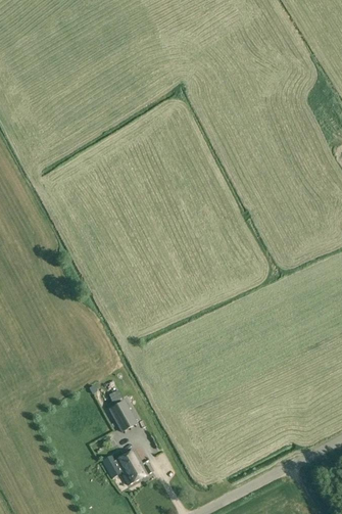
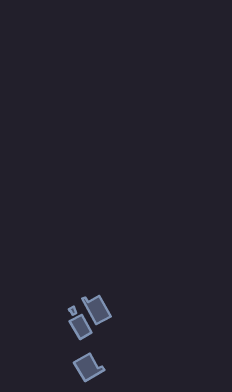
building: none -> [82,296,111,324]

